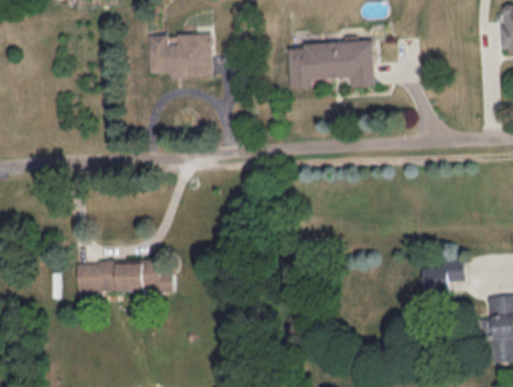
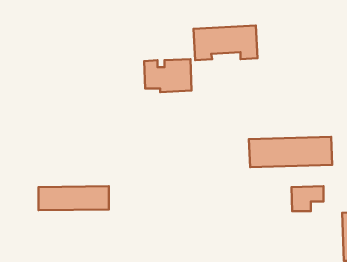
building: [148,33,212,78] -> [144,59,191,92]
building: none -> [249,137,332,167]

